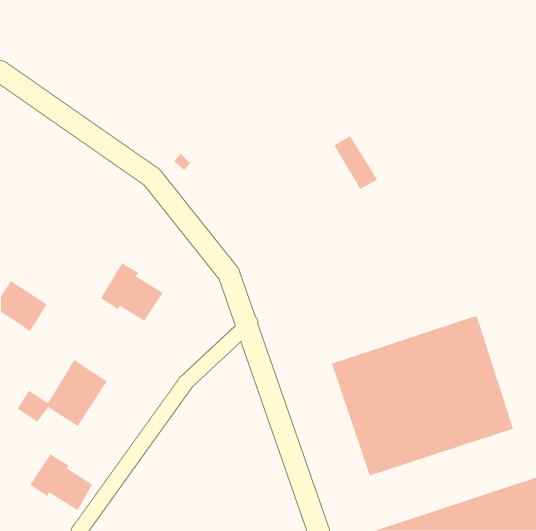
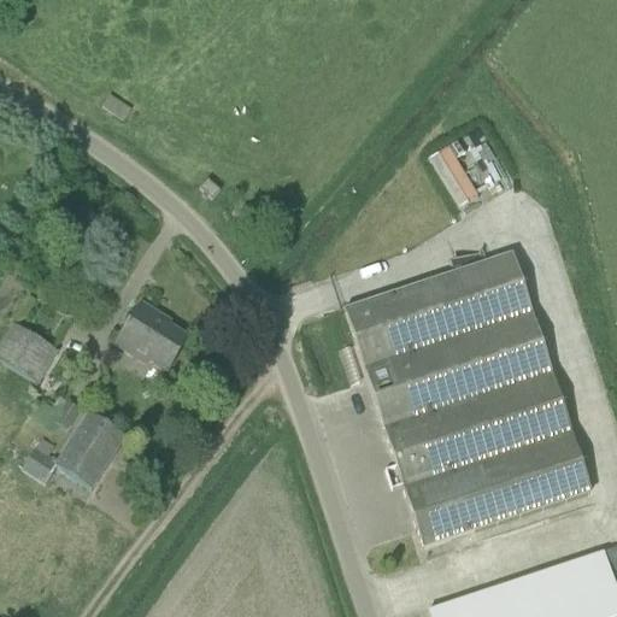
building: [334,135,378,190] -> [430,143,481,206]
building: none -> [346,252,548,416]
building: [30,454,93,511] -> none

